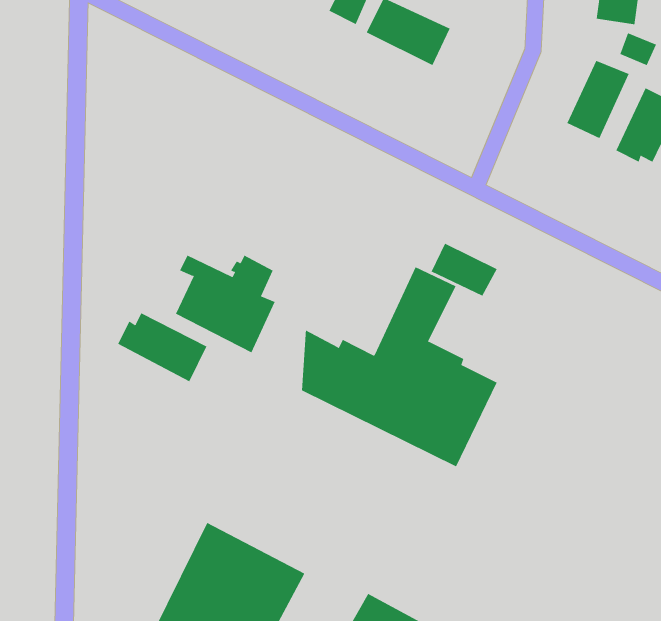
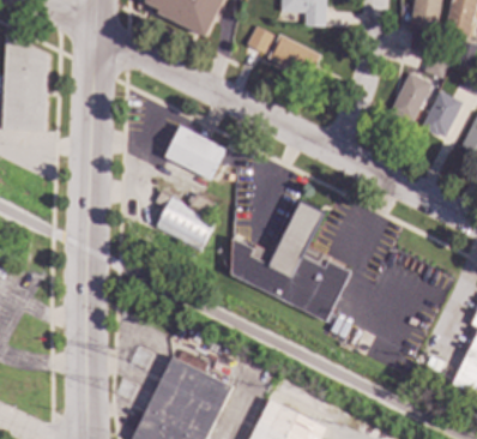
building: none -> [164,125,225,179]
building: [431,243,497,297] -> none
building: [118,312,207,382] -> none

